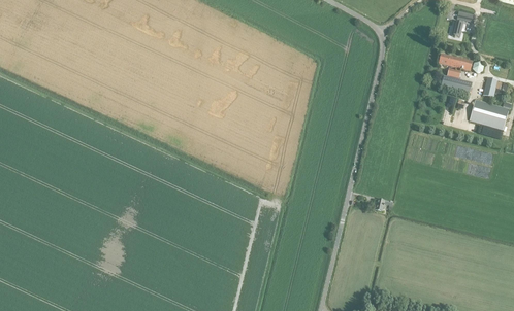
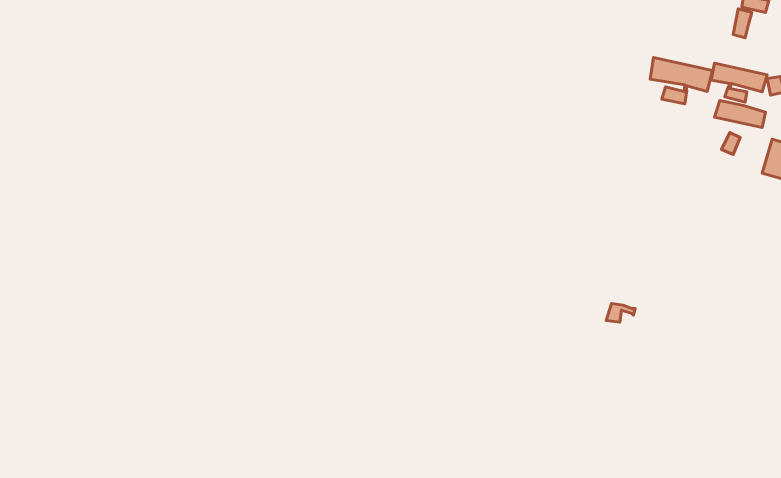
building: none -> [650,57,712,104]

